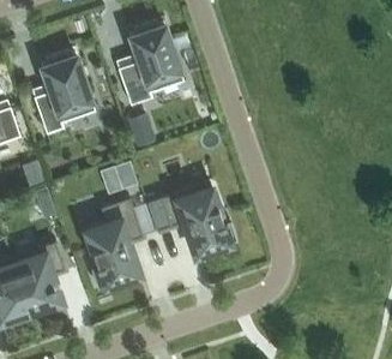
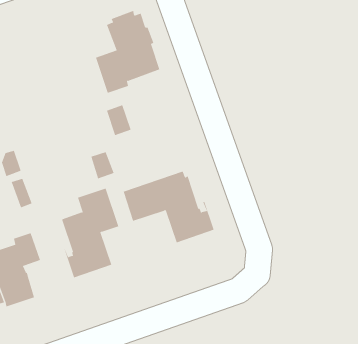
building: [35,52,95,133] -> none

